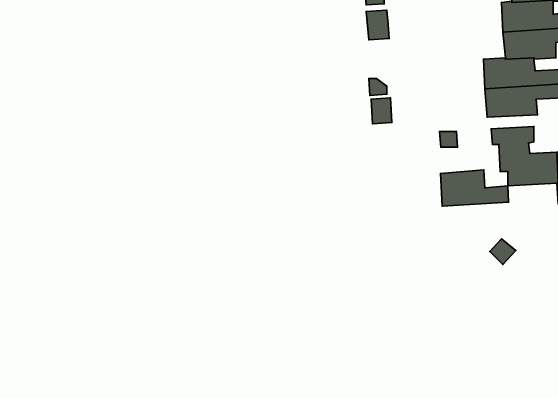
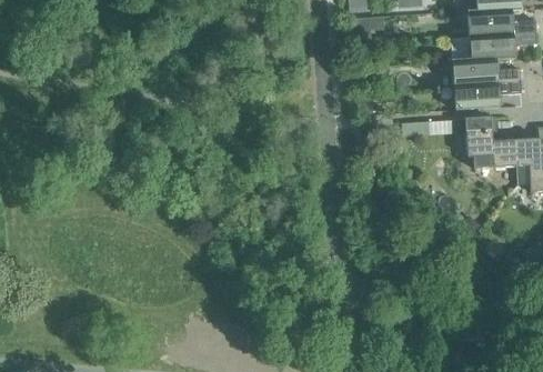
building: [441,170,509,206] -> none

